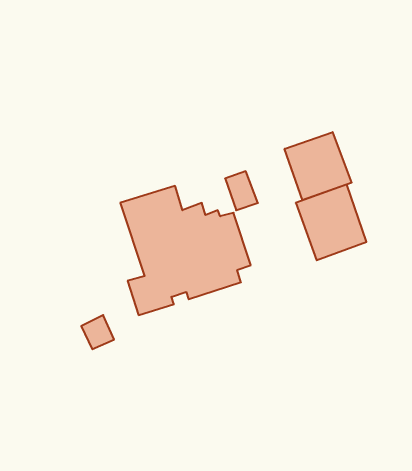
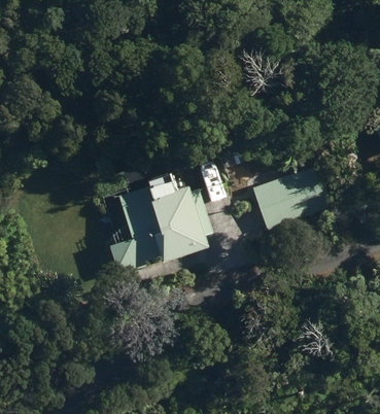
building: [285,132,352,200] -> none

